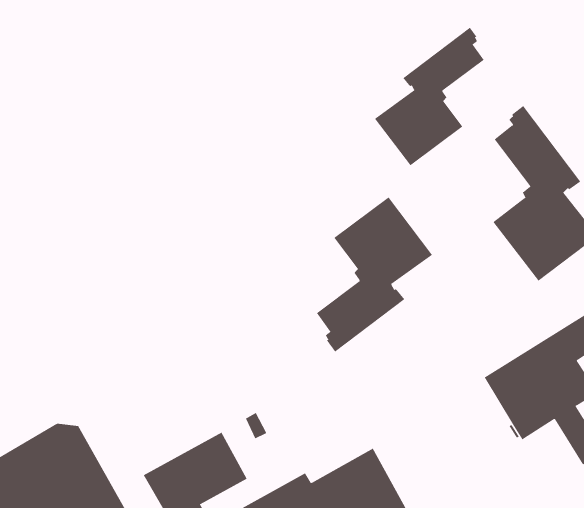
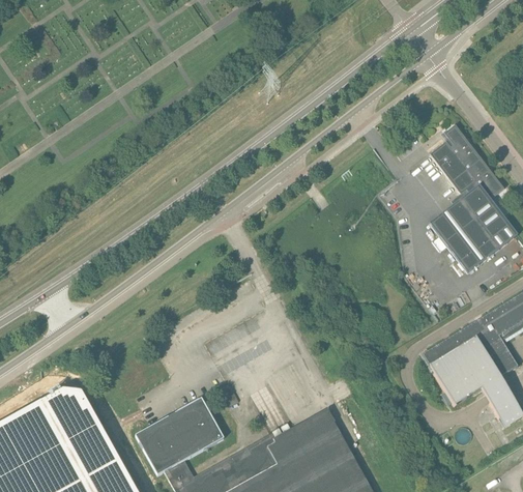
building: [374,27,484,166] -> none
building: [316,197,433,353] -> none

